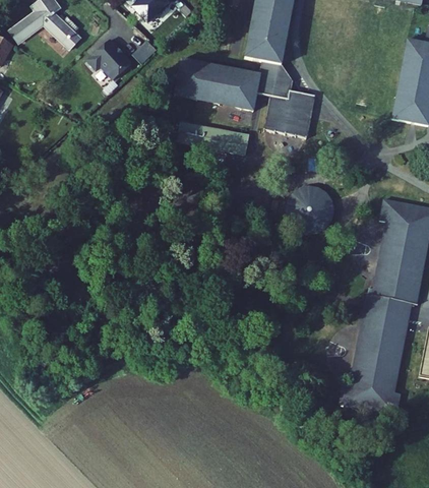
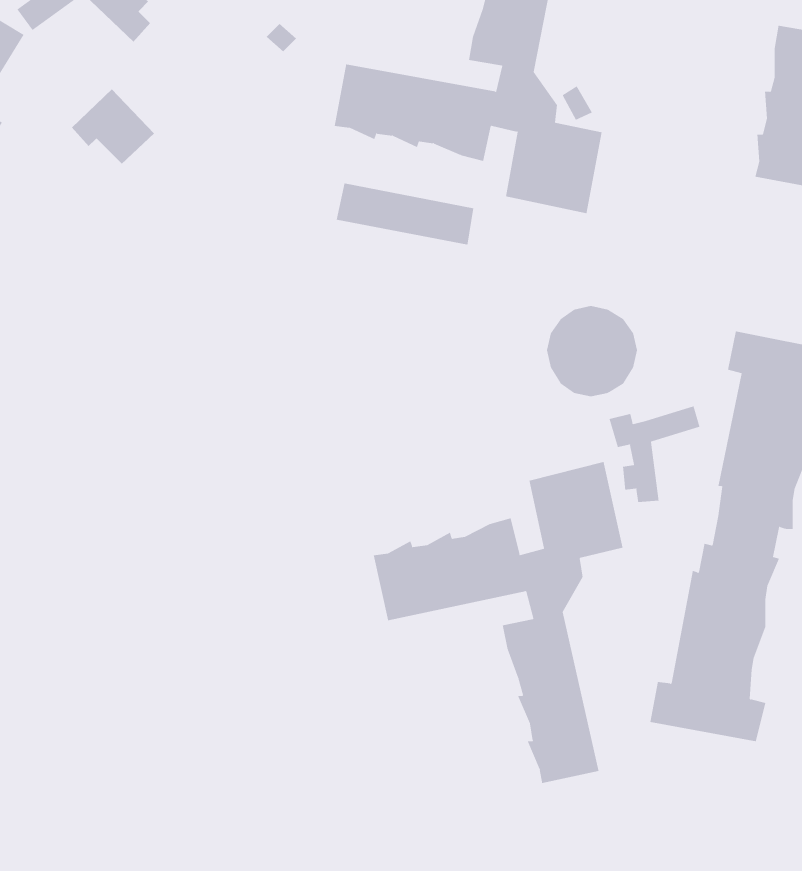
building: [88,39,132,78] -> [71,89,155,165]
building: none -> [609,406,700,503]
building: none -> [373,461,623,784]

